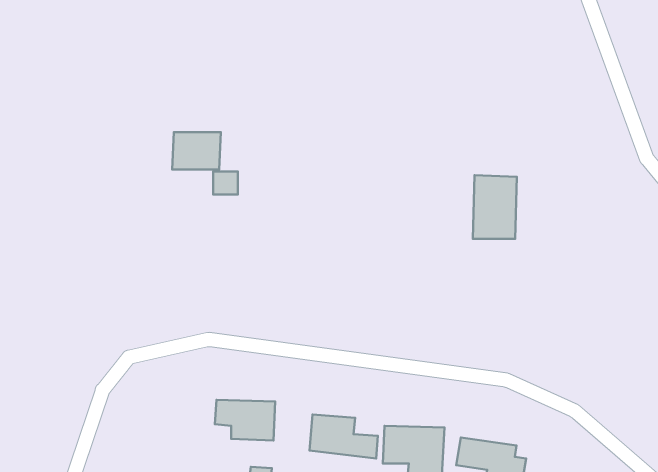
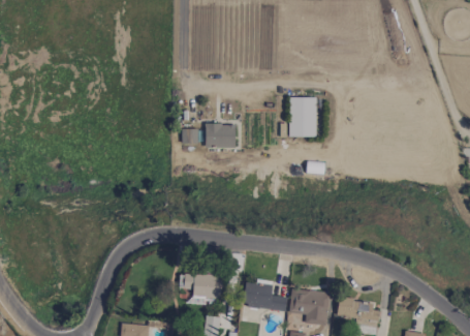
building: [172,132,221,170] -> [206,124,237,148]
building: [473,175,517,239] -> [289,97,317,138]

